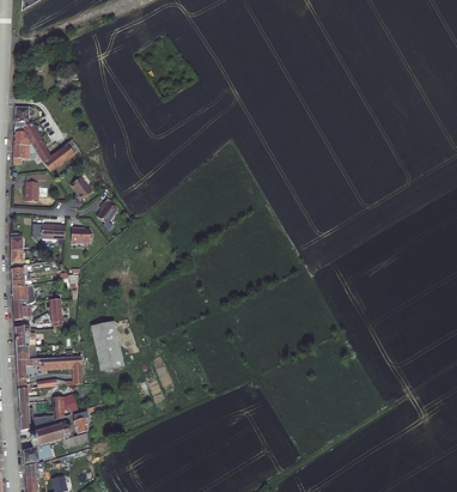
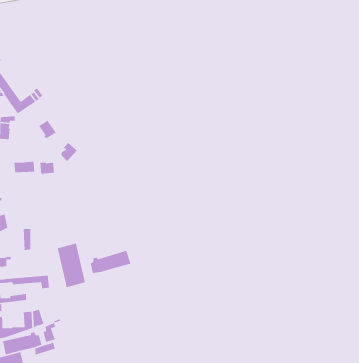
building: none -> [90,250,131,274]

